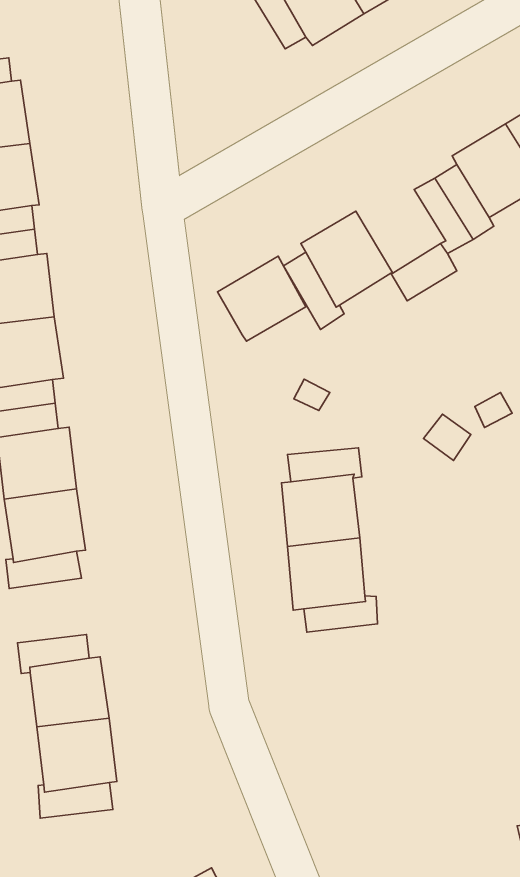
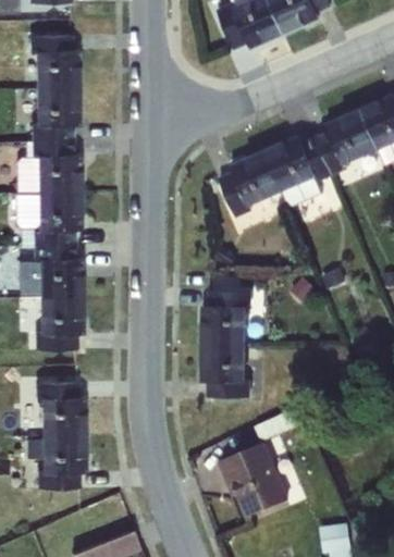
building: none -> [267,135,318,189]
building: [217,256,306,341] -> none
building: none -> [219,408,299,518]

